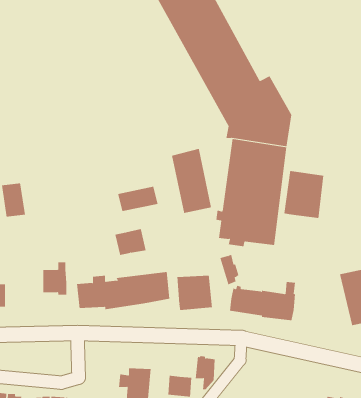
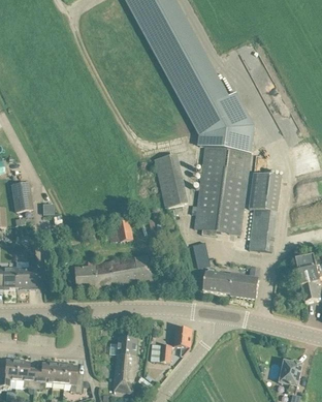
building: [118,186,158,212] -> none
building: none -> [249,209,278,252]
building: [43,262,67,295] -> [15,260,36,288]
building: [177,275,212,311] -> none

